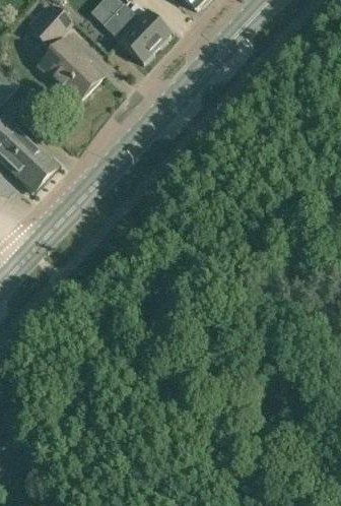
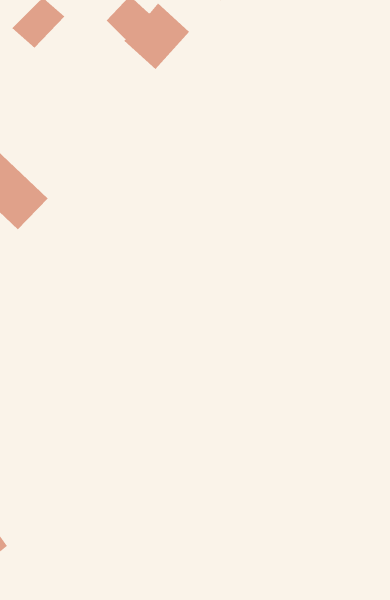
building: [38,38,103,101] -> none

